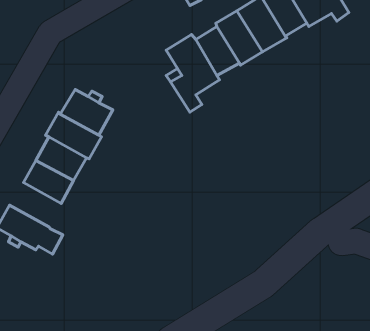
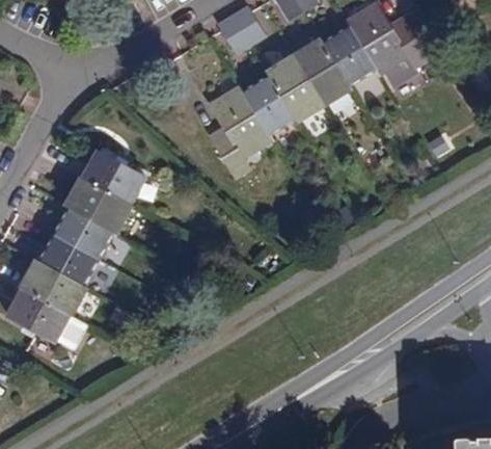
building: none -> [20,259,87,315]

